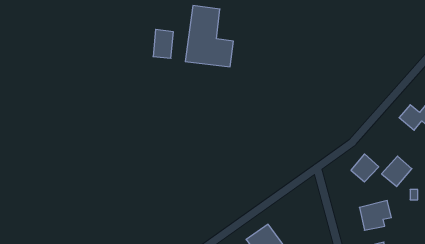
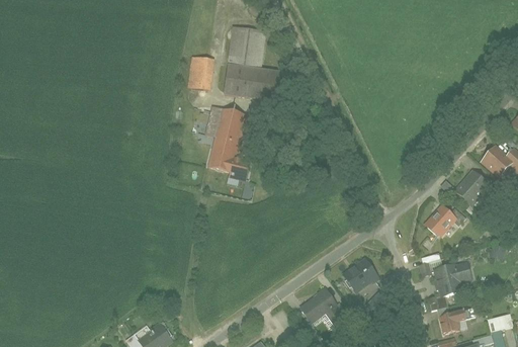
building: none -> [206,107,252,179]
building: [382,156,412,187] -> [453,170,490,206]
building: none -> [342,258,377,292]

